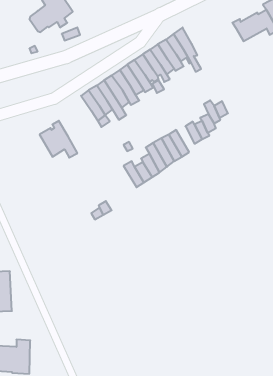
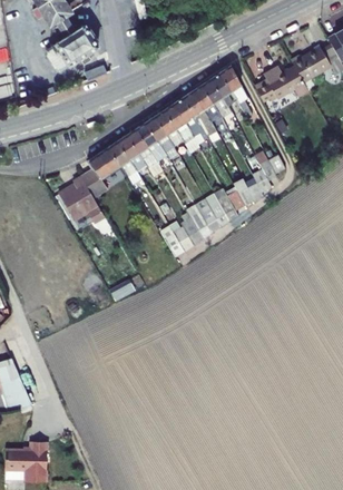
building: none -> [255,66,308,102]
building: none -> [81,147,120,196]

